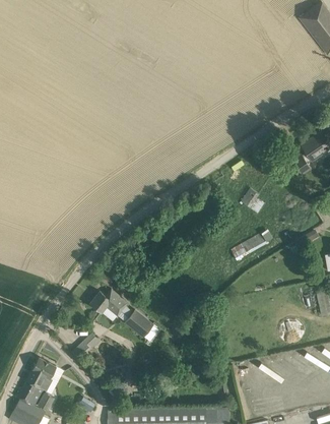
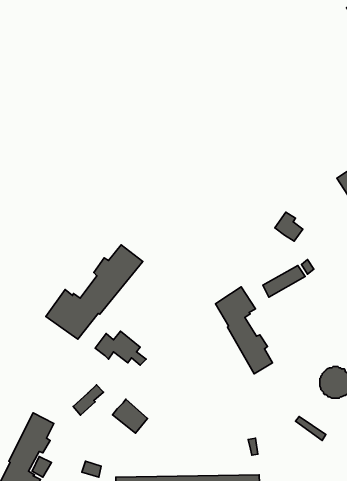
building: none -> [46,245,143,339]
building: none -> [216,287,272,374]
building: [124,309,153,338] -> [112,399,148,433]

